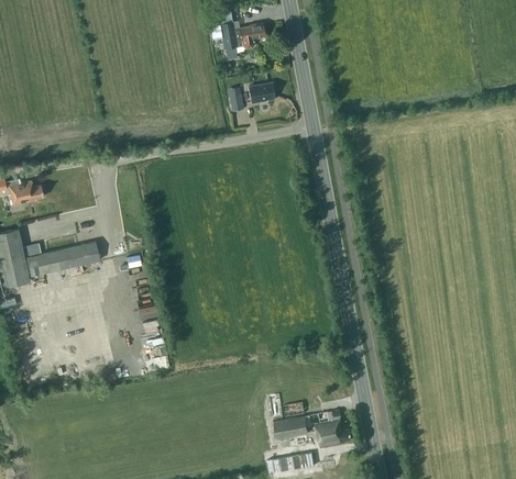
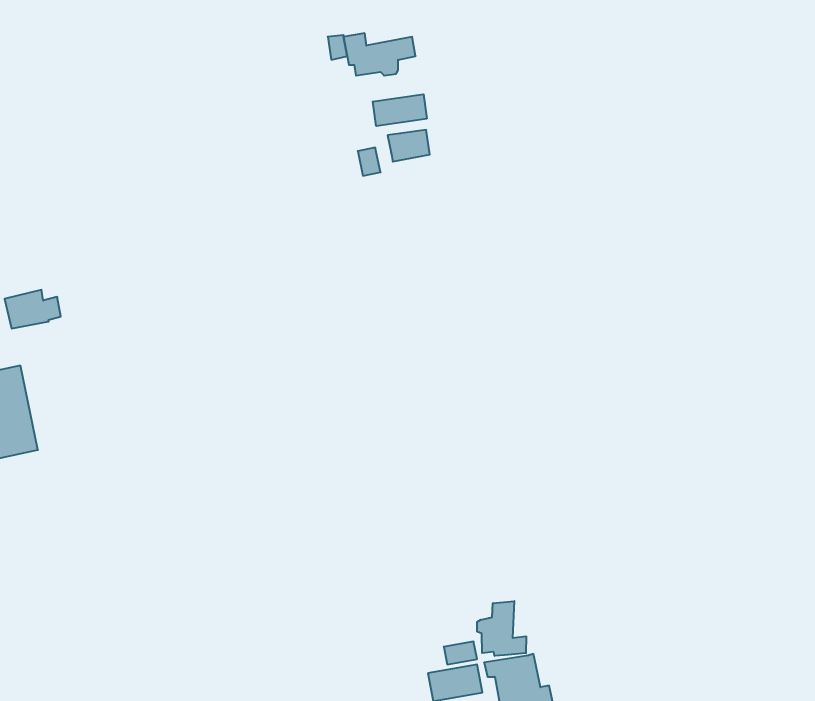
building: none -> [373,94,427,126]
building: [25,244,98,277] -> none
building: none -> [477,601,526,656]

